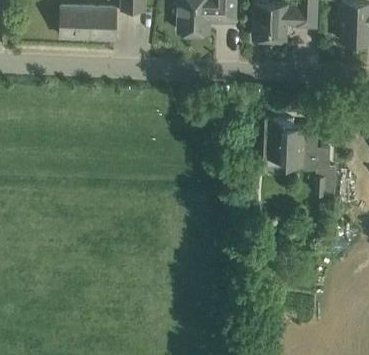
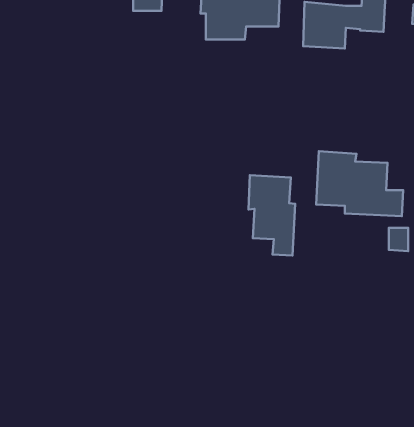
building: [61,7,114,38] -> none
building: none -> [249,175,295,255]

